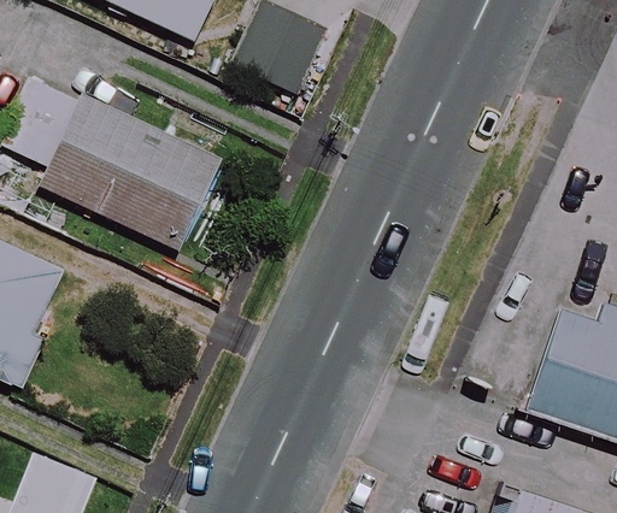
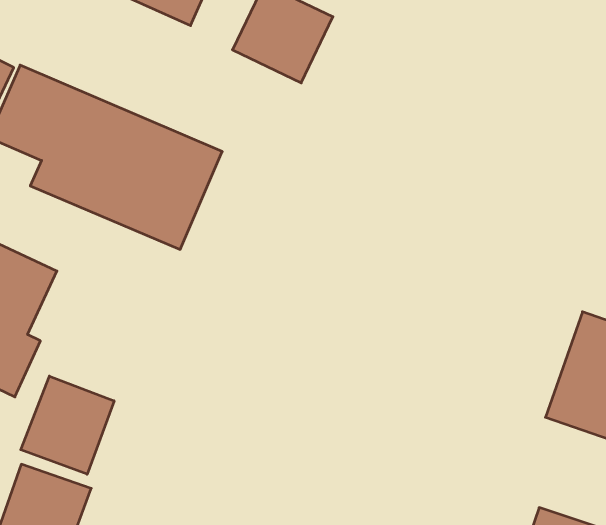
building: none -> [21,376,114,474]

